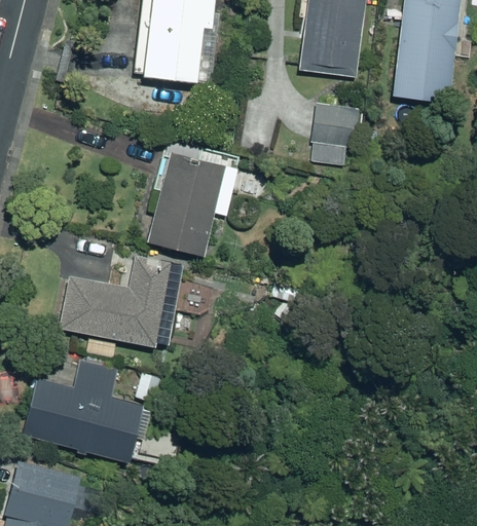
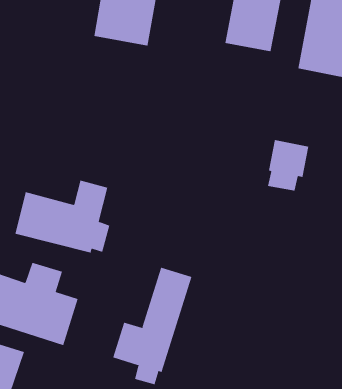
building: [314,107,363,170] -> [267,140,309,191]
building: [143,147,224,253] -> none
building: none -> [113,267,192,385]

